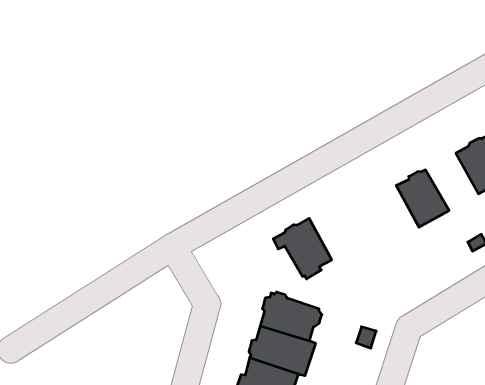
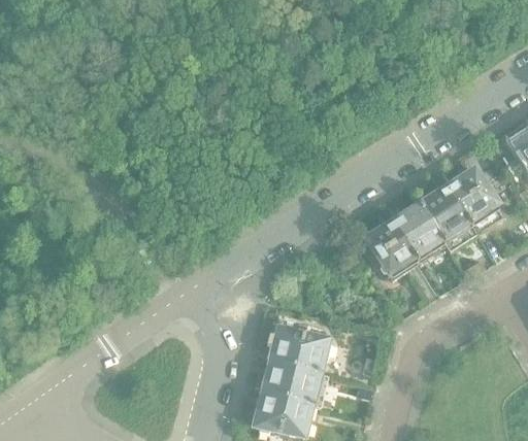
building: none -> [420,184,471,239]
building: [273,218,332,279] -> [360,218,417,276]

